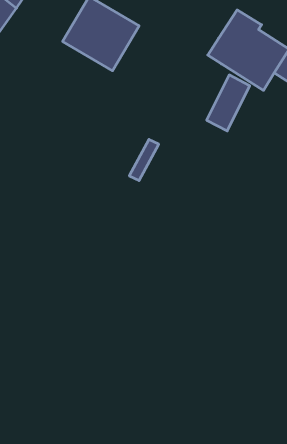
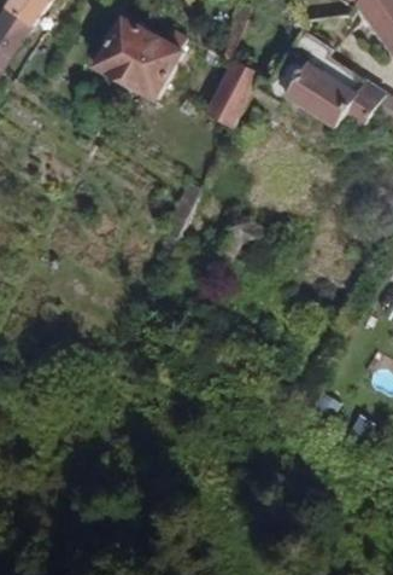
building: [207,75,250,131] -> [204,60,257,129]

